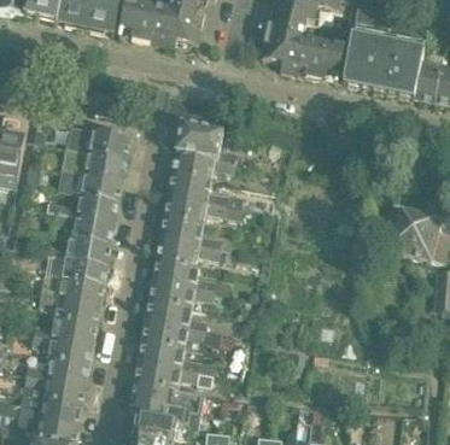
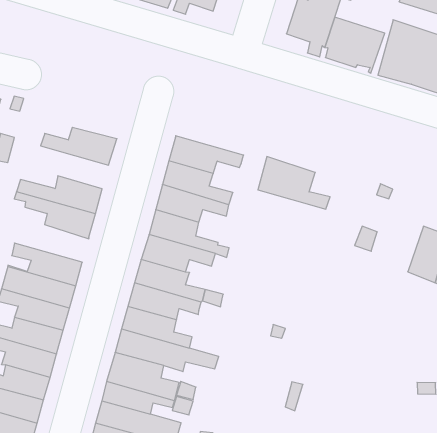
building: [176,121,238,160] -> [258,157,330,209]
building: [68,123,132,157] -> none
building: [62,169,122,200] -> none
building: [48,234,111,264] -> none

